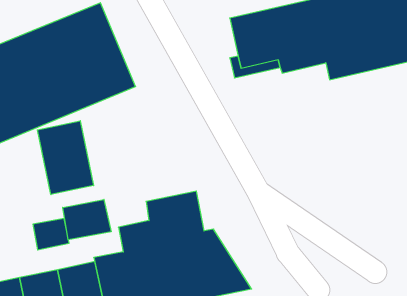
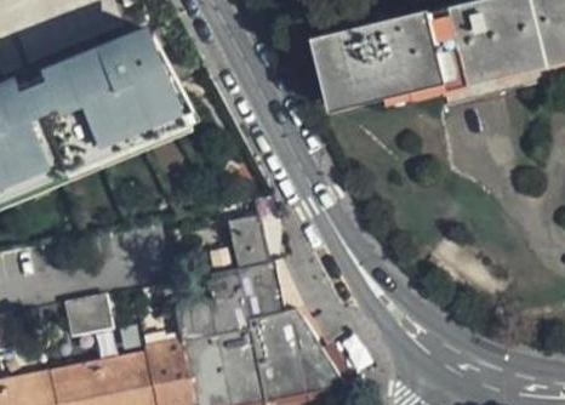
building: [37,121,94,195] -> none
building: none -> [229,212,266,266]
building: [63,199,111,240] -> none

